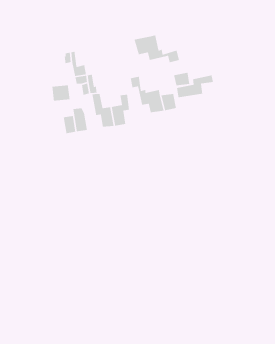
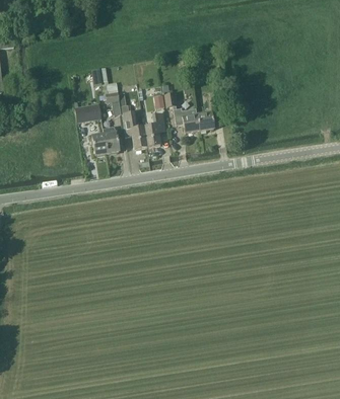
building: [134,34,180,63] -> none
building: [176,75,214,98] -> none

